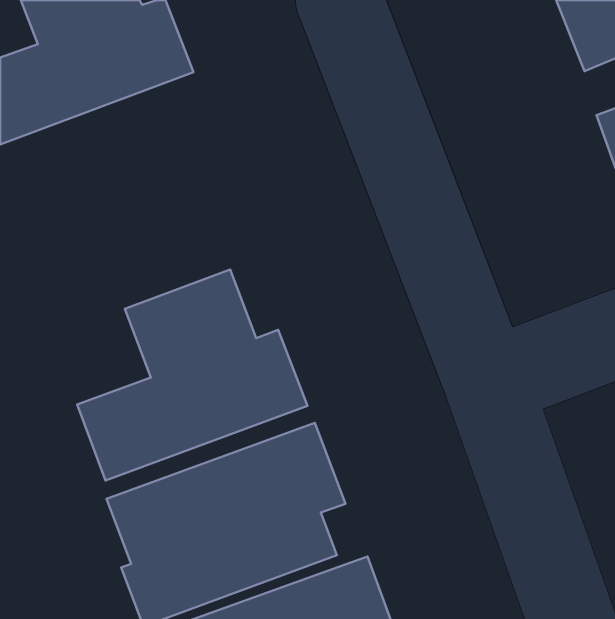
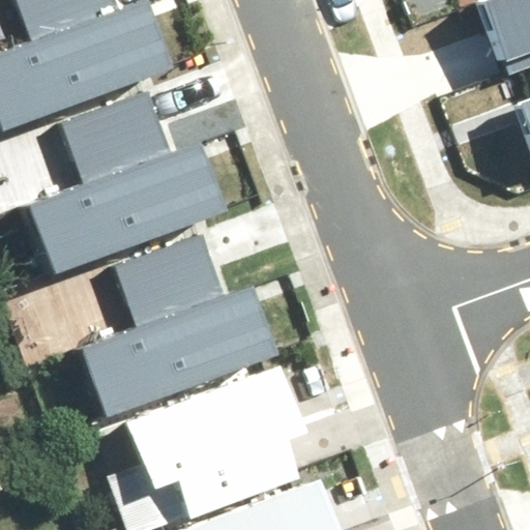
building: none -> [31,93,226,271]

